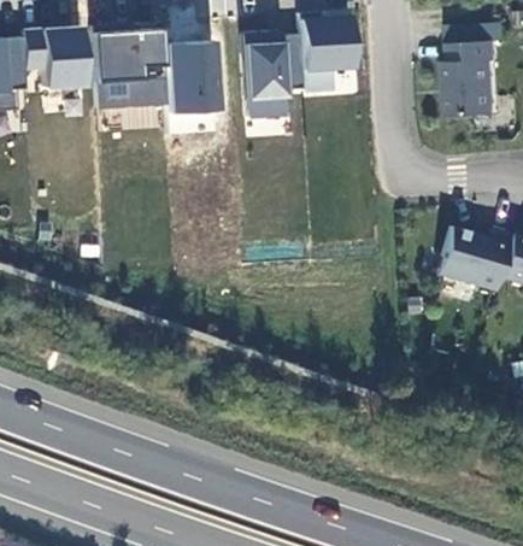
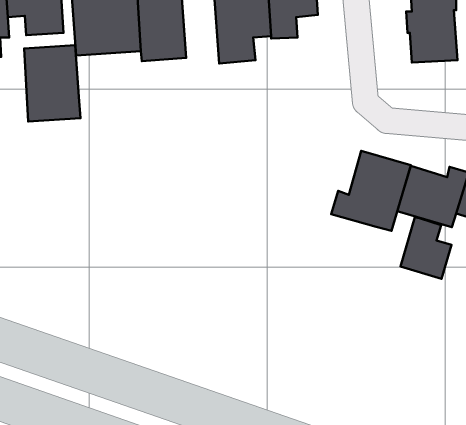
building: none -> [24,45,80,121]
building: none -> [331,151,411,231]
building: none -> [400,217,451,279]

